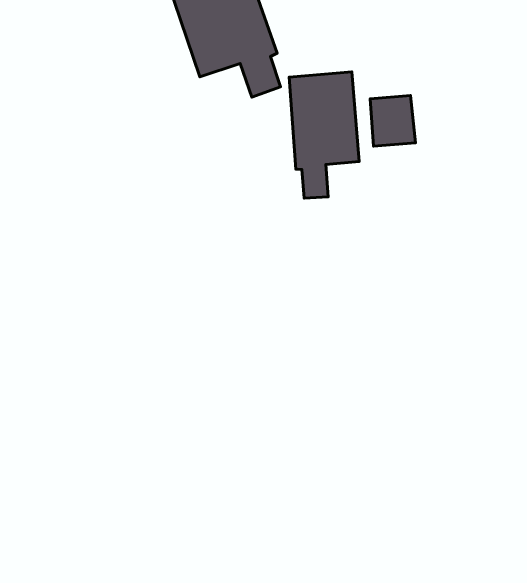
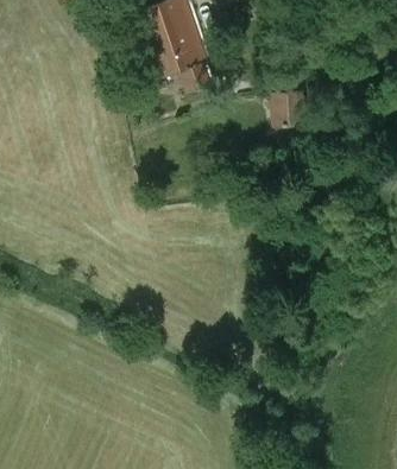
building: [289,72,359,198] -> none

